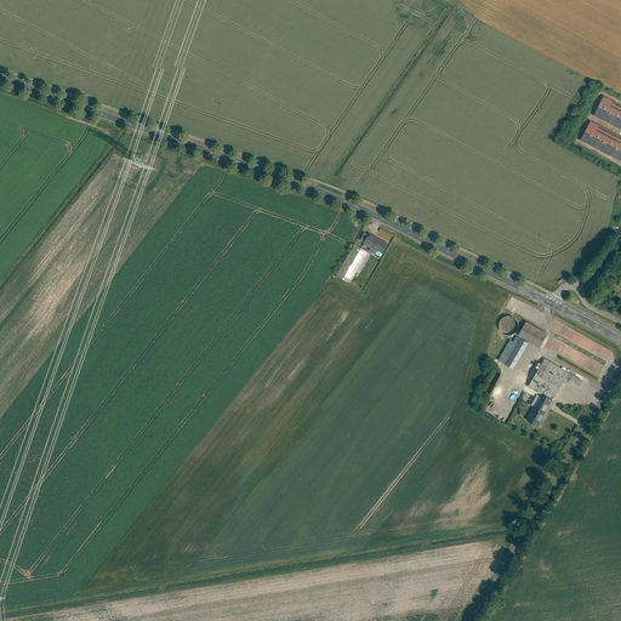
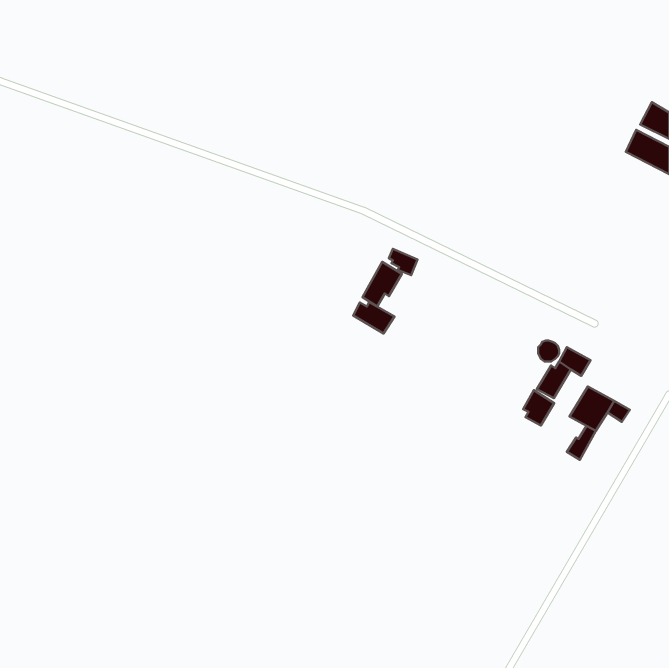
building: none -> [353,302,395,334]
building: none -> [523,390,554,426]

